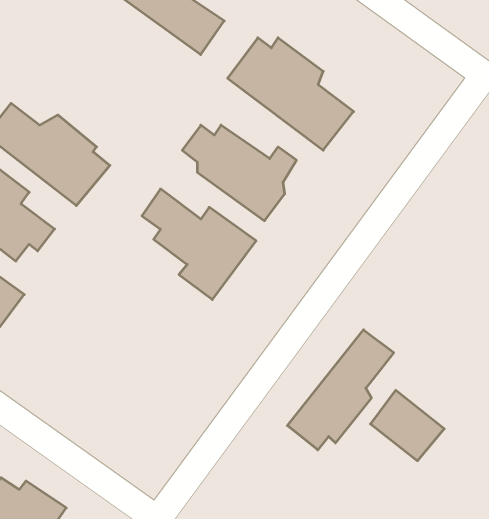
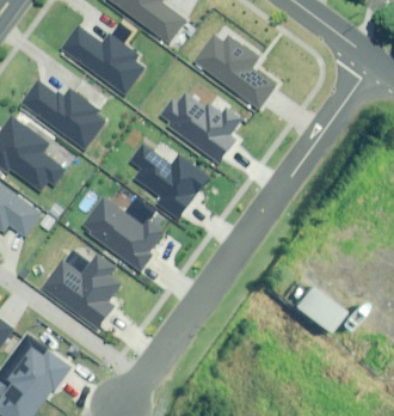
building: none -> [62,24,147,96]
building: none -> [85,197,164,273]
building: [287,330,394,450] -> none
building: none -> [47,253,124,320]

